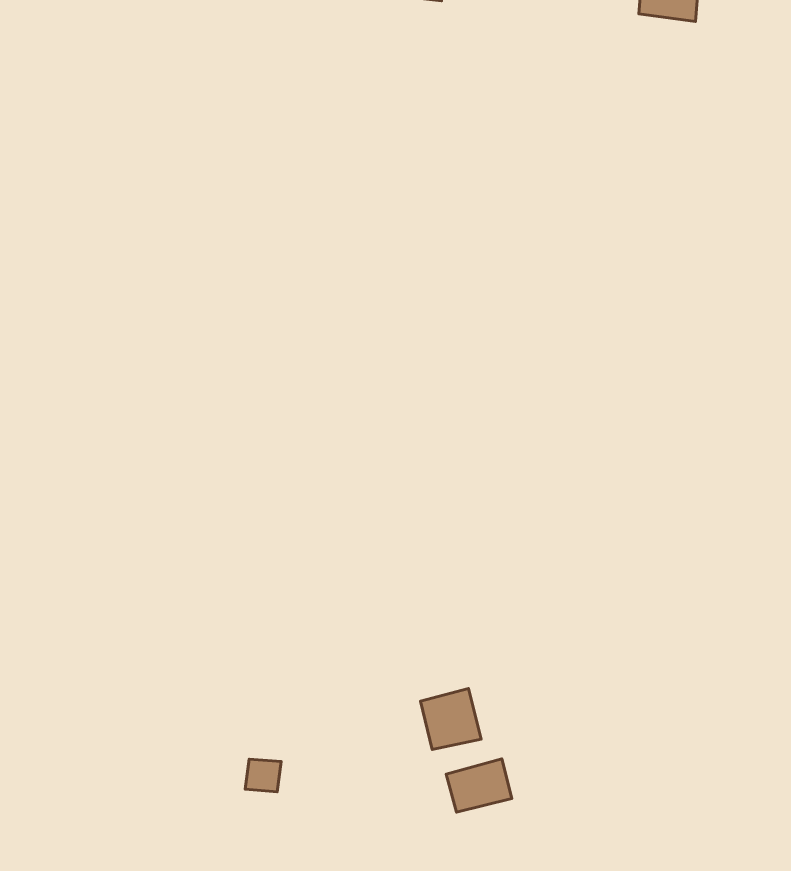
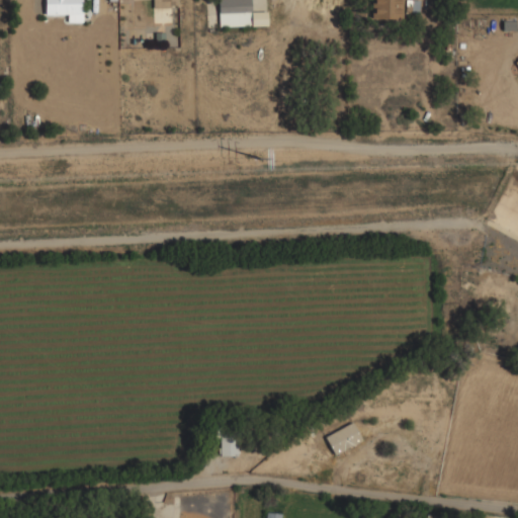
building: [421,689,481,750] -> none

